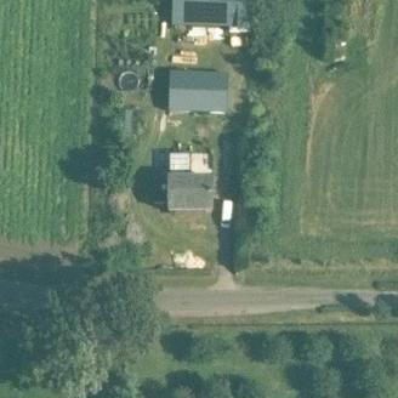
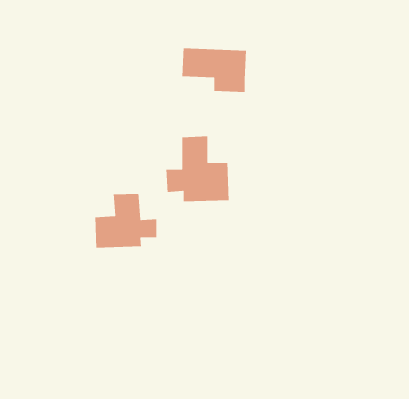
building: none -> [95,193,157,249]

